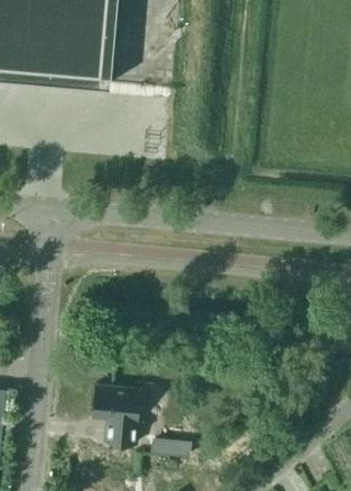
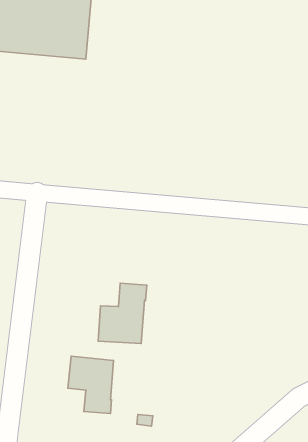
building: none -> [98,283,147,344]

